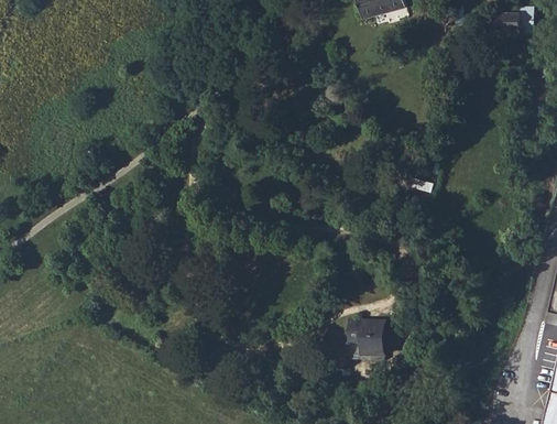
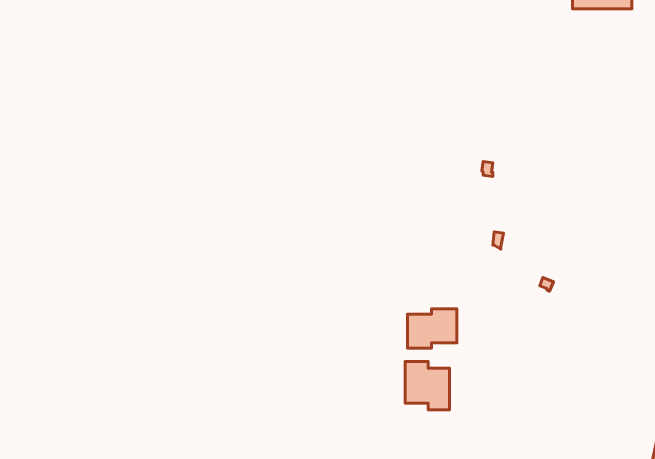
building: none -> [407,309,457,348]

